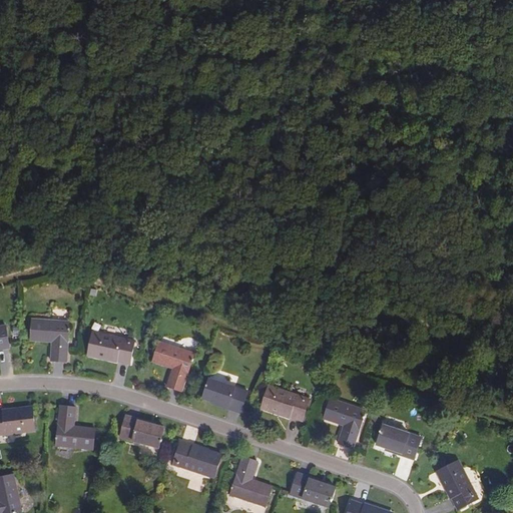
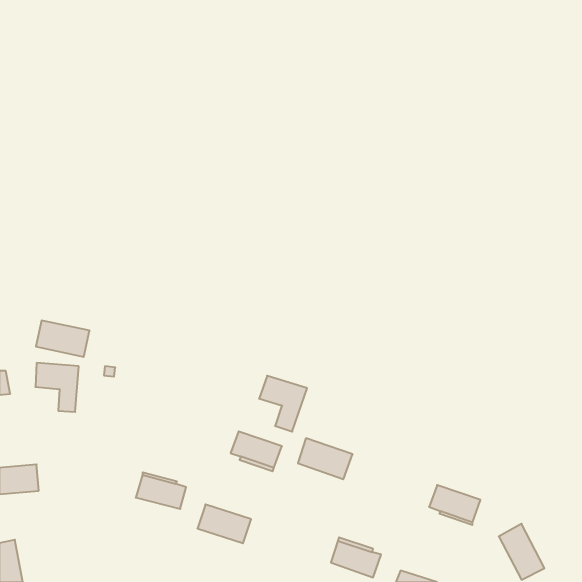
building: [87,332,134,364] -> [36,320,90,357]
building: [152,342,194,391] -> [259,376,307,432]
building: [323,399,366,448] -> none
building: [55,405,95,450] -> none
building: [230,456,272,506] -> none

